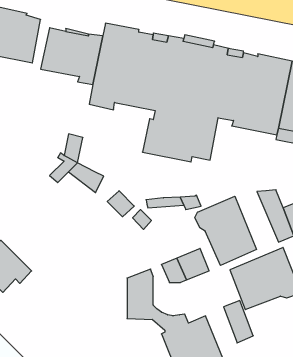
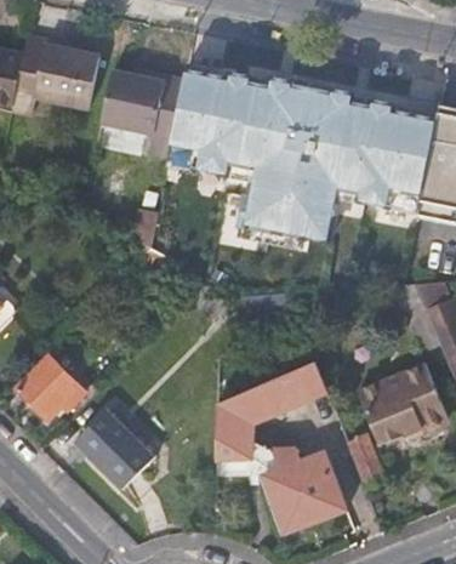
building: [195,196,256,265] -> none
building: none -> [76,406,155,488]

